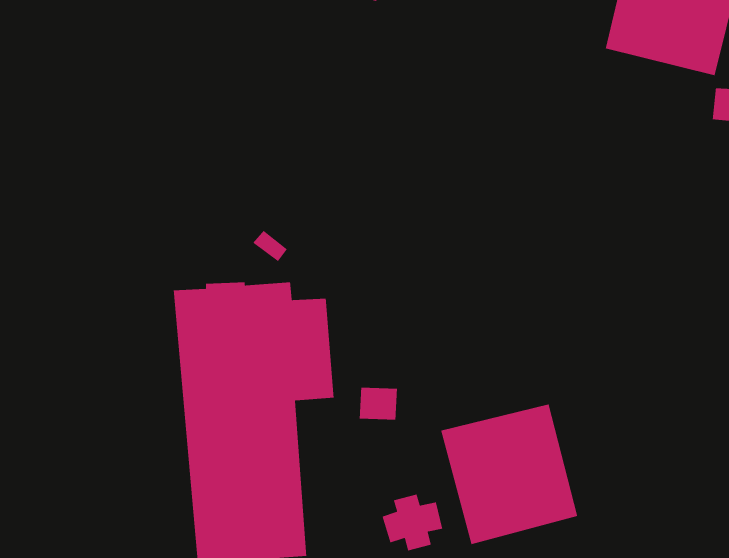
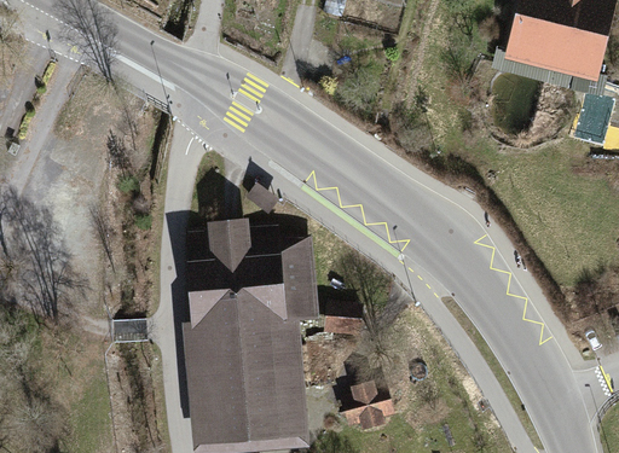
building: [440,403,578,545] -> none

